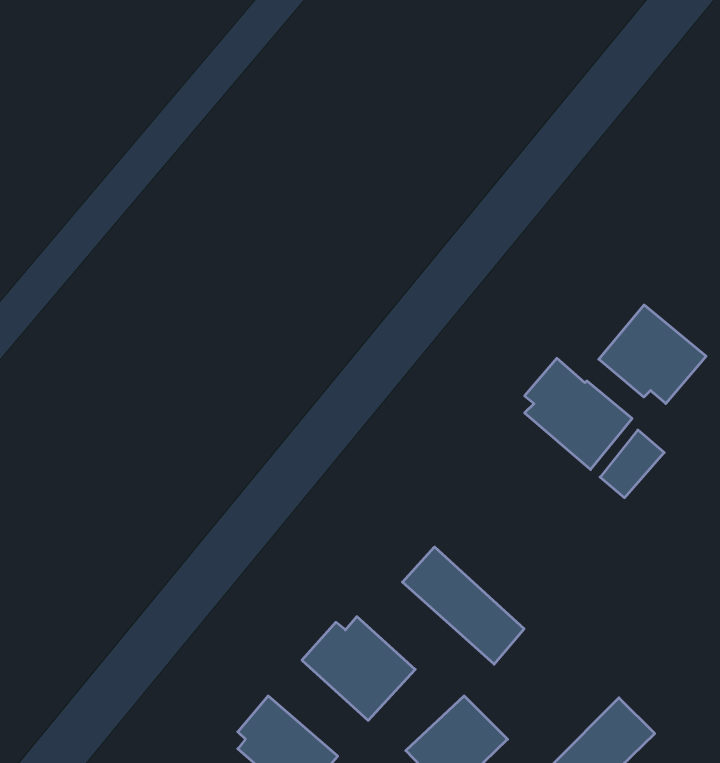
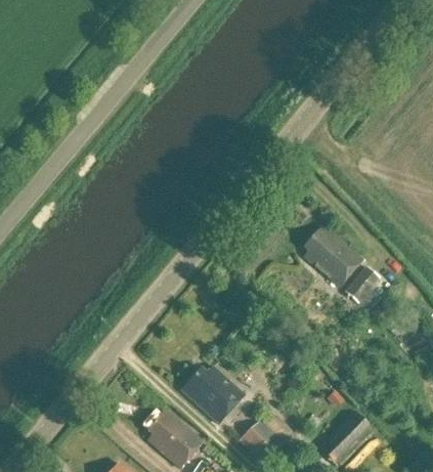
building: [599,305,706,404] -> none
building: [402,547,524,664] -> none

